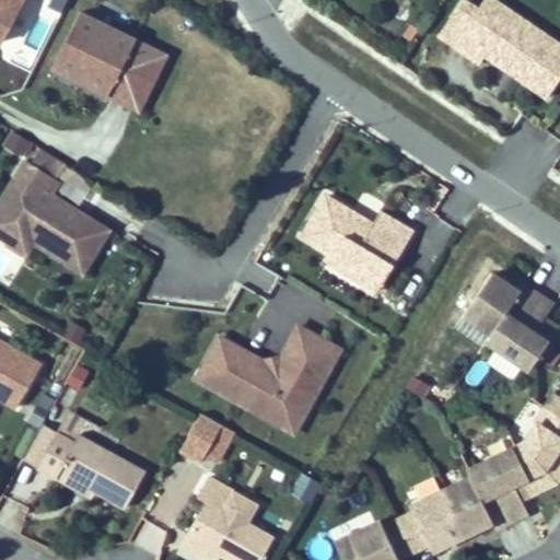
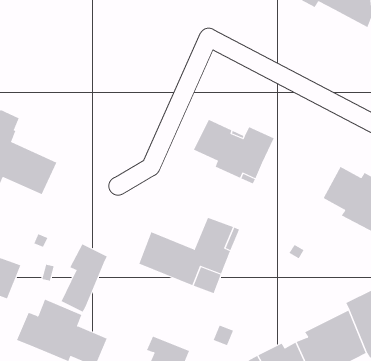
building: [54,13,159,108] -> none
building: none -> [61,243,108,312]
building: [179,415,235,464] -> none

